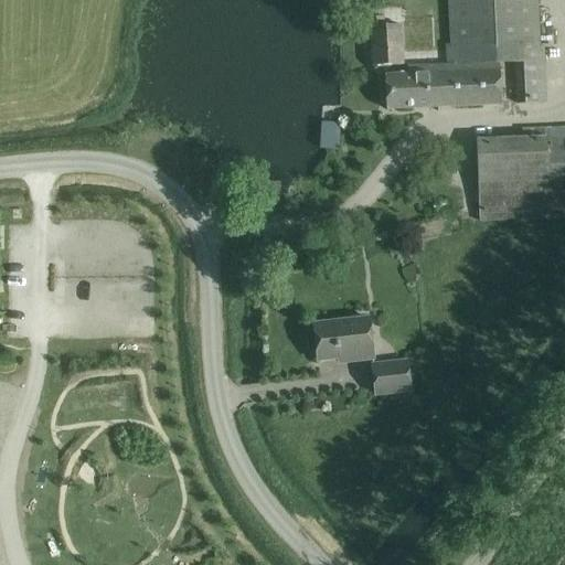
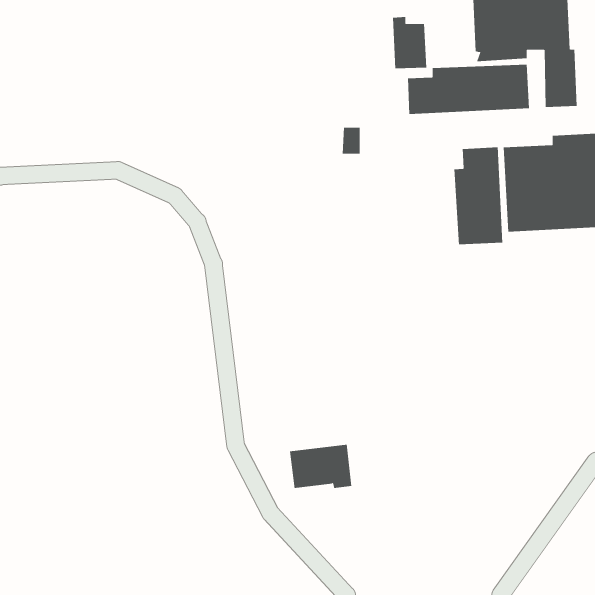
building: none -> [454,146,503,245]
building: [315,317,374,359] -> [289,444,352,488]
building: [374,360,411,393] -> none

